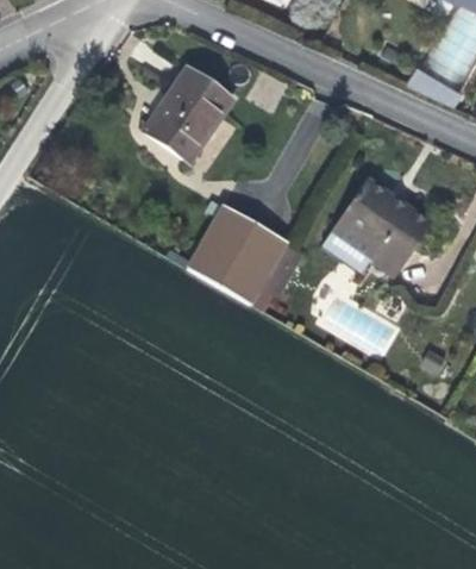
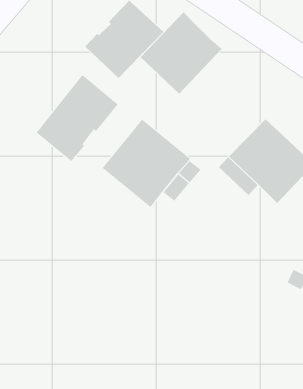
building: none -> [140,12,223,94]
building: none -> [36,74,118,162]

